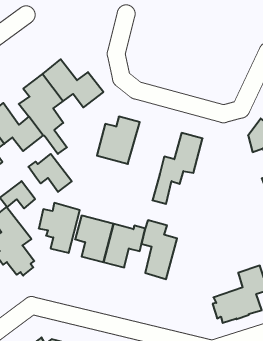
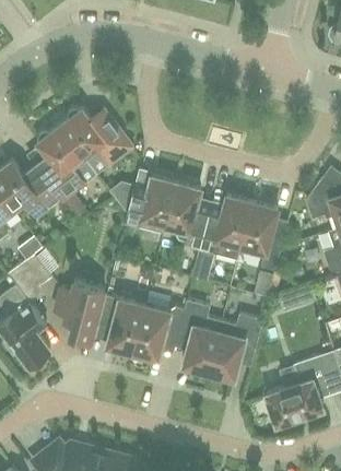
building: none -> [162,182,207,245]
building: none -> [240,202,283,270]
building: [28,154,72,192] -> none
building: none -> [208,314,262,380]

